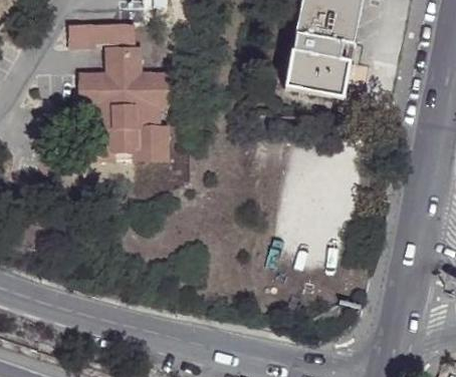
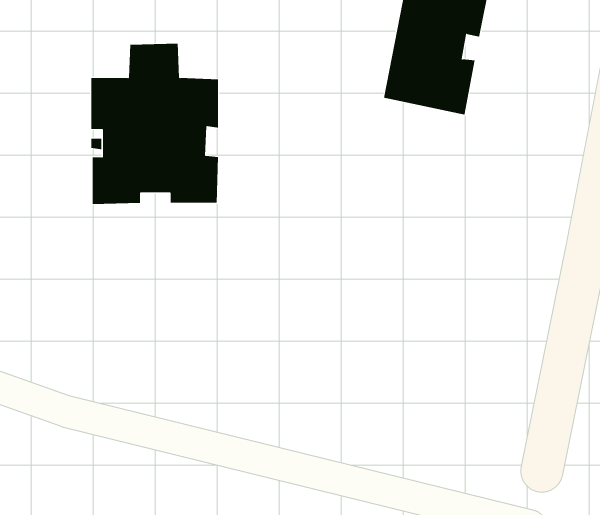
building: [70,24,137,48] -> none

